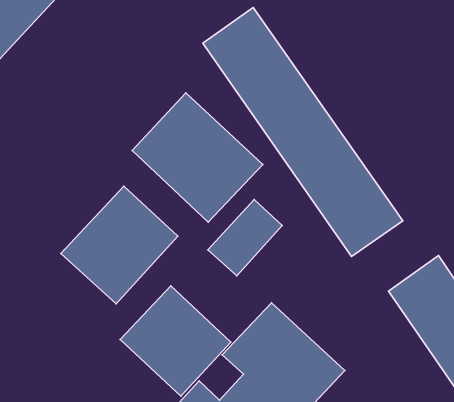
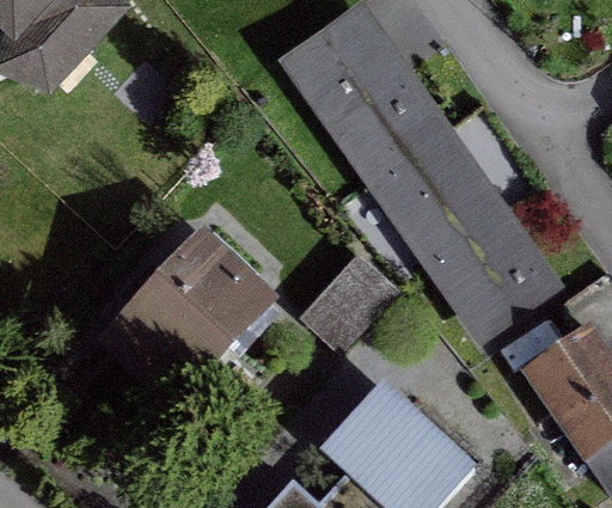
building: [132,93,263,222] -> none
building: [120,286,231,396] -> none

